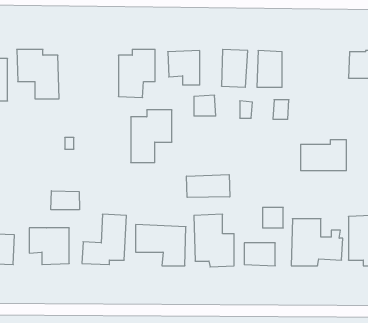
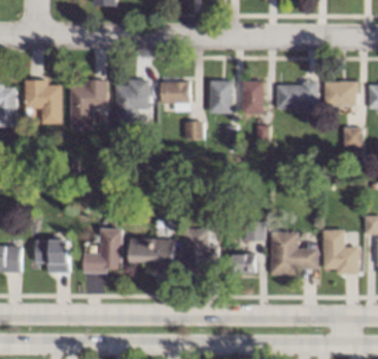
building: [131,110,172,163] -> [72,79,109,127]
building: [301,140,346,171] -> [277,80,318,108]
building: [187,175,230,197] -> none
building: [51,191,79,210] -> none

